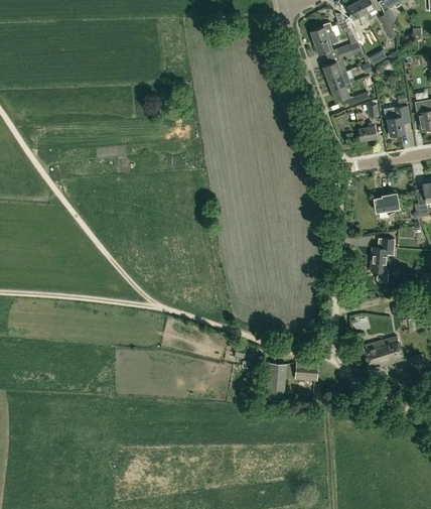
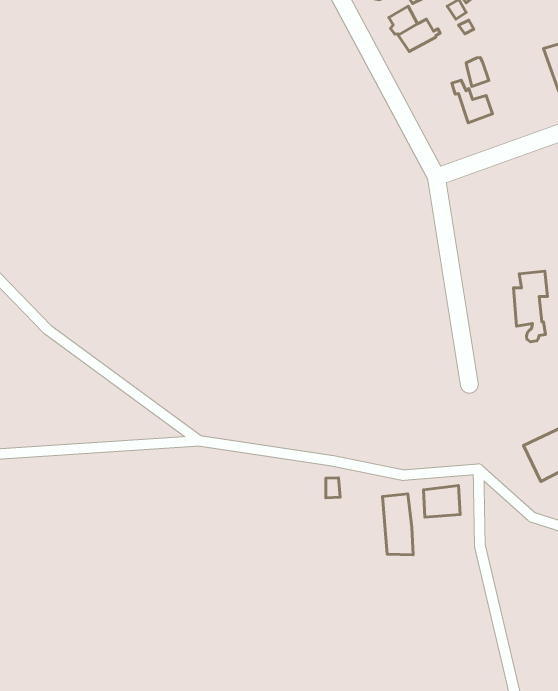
building: [332,84,370,108] -> none
building: [384,106,410,138] -> none
building: [375,194,399,219] -> none

